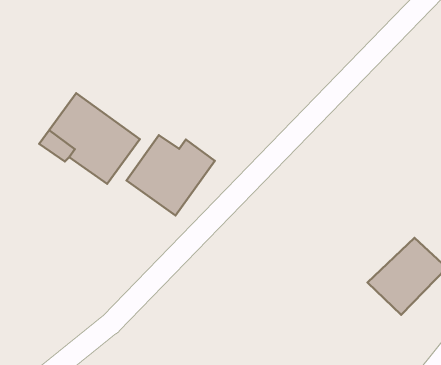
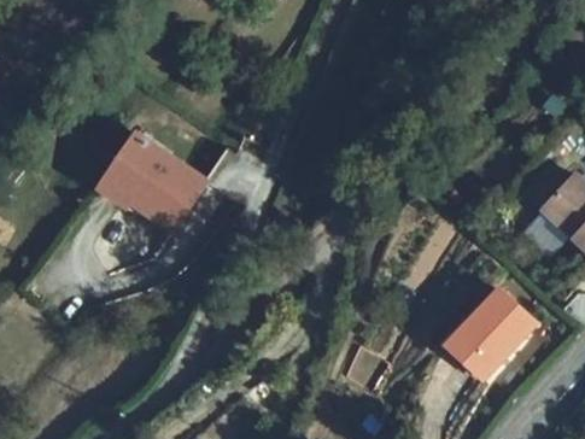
building: [127,135,215,216] -> none

